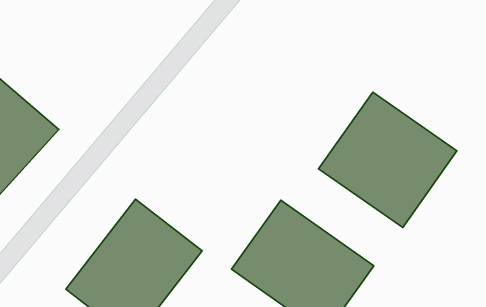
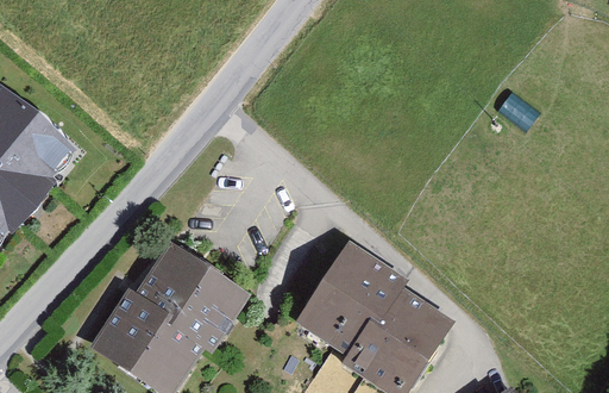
building: [319,92,457,227] -> none

